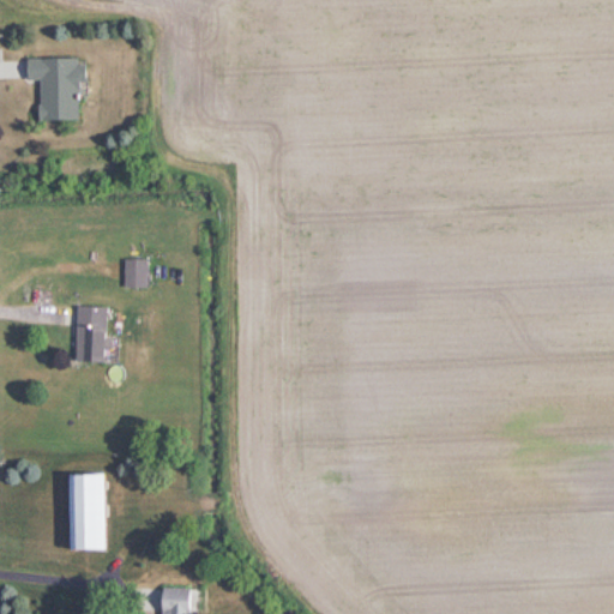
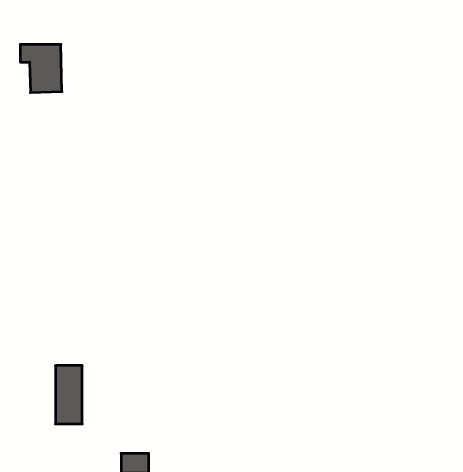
building: [121,259,145,288] -> none
building: [74,306,108,361] -> none

